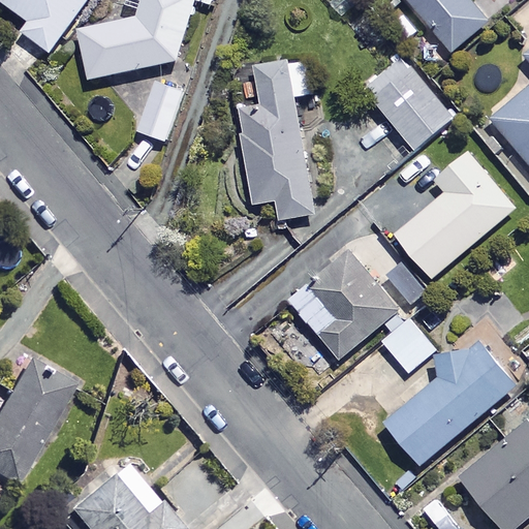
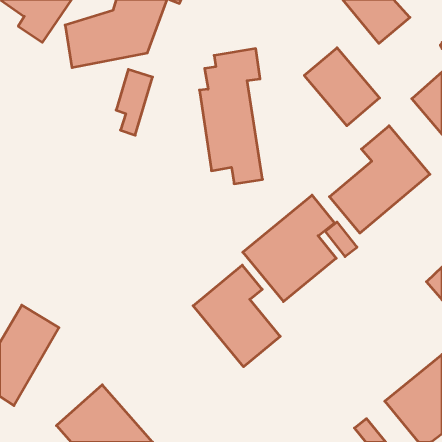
building: none -> [193,265,280,367]
building: [382,319,435,374] -> none
building: [384,335,515,464] -> none

